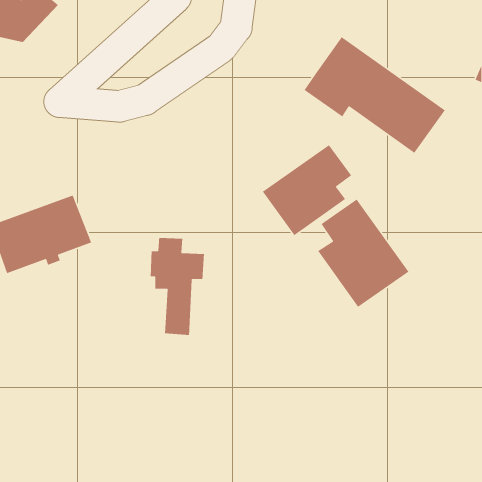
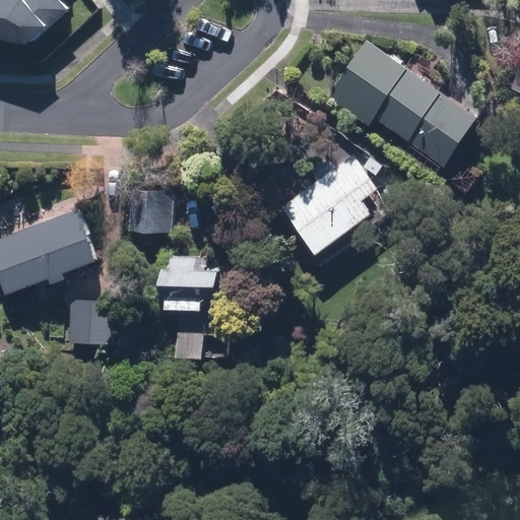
building: none -> [126,190,172,240]
building: [317,199,409,308] -> none
building: none -> [68,297,112,343]

